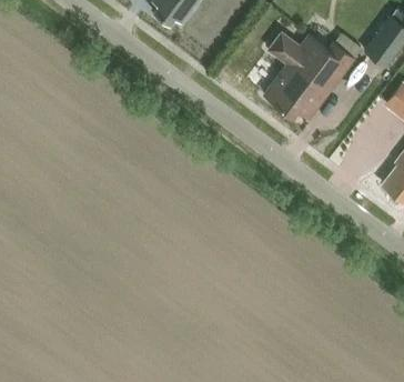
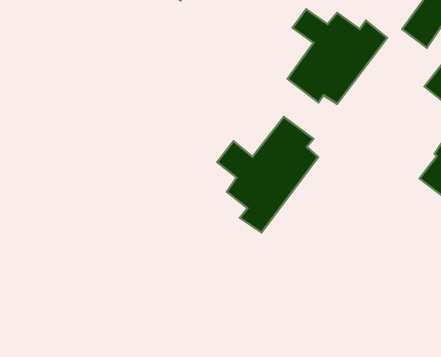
building: none -> [217,117,318,232]

